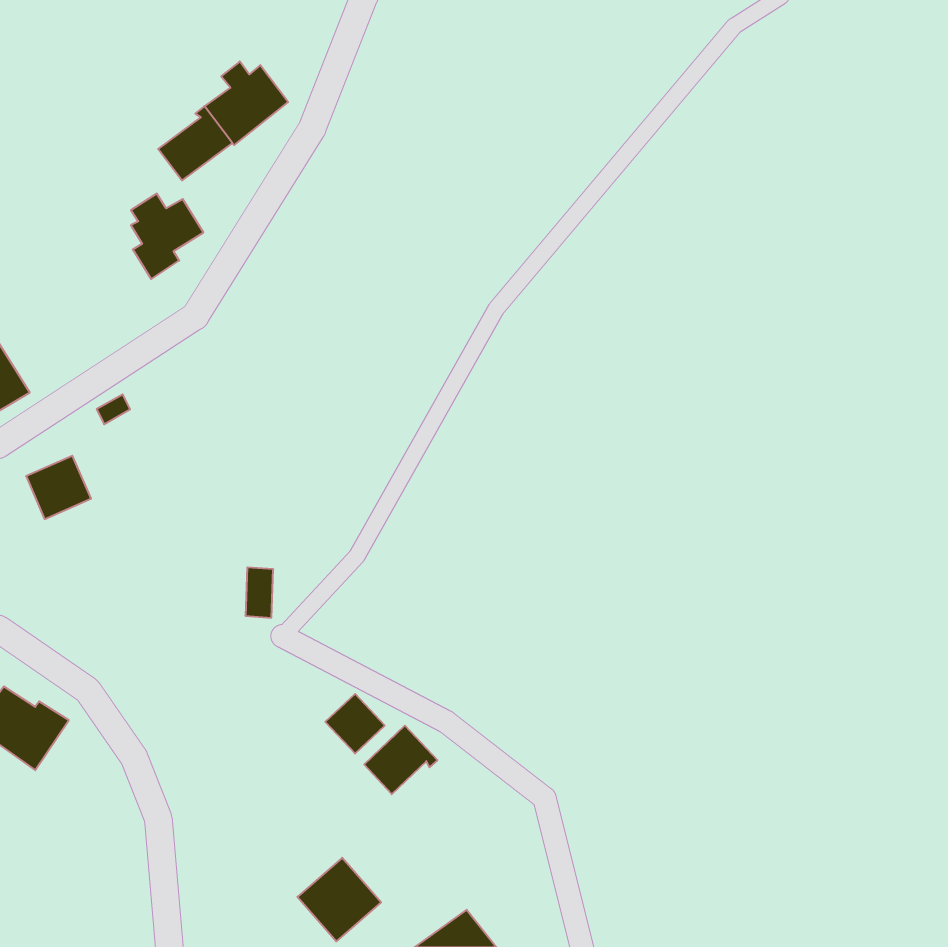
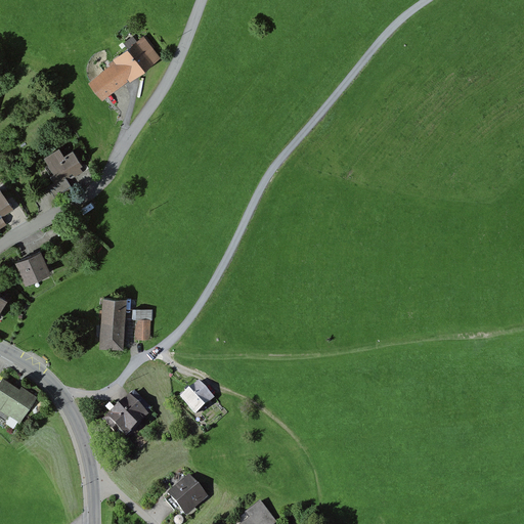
building: [131,194,203,279] -> [44,148,84,195]
building: none -> [98,296,127,347]
building: none -> [100,390,151,440]
building: [364,726,437,794] -> none

